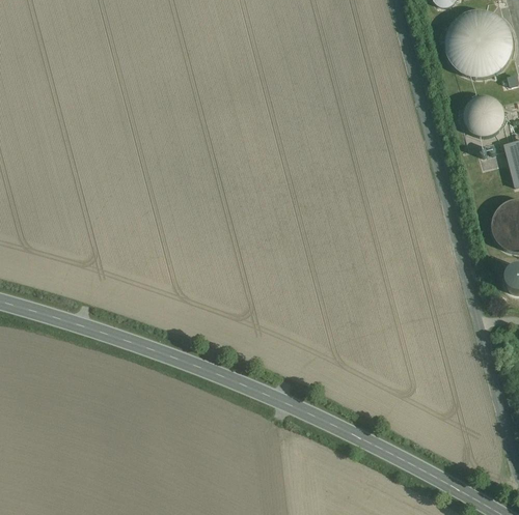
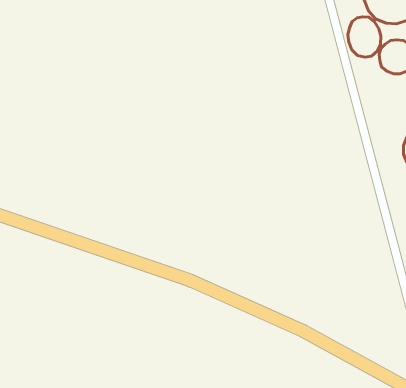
building: none -> [348,17,381,57]

